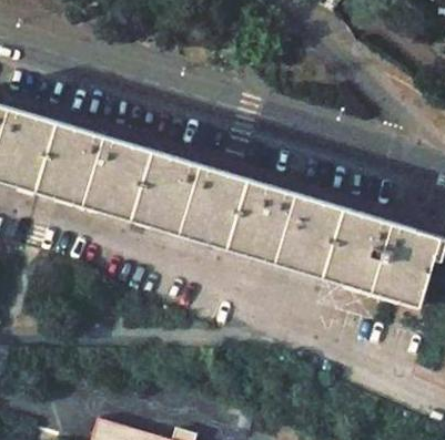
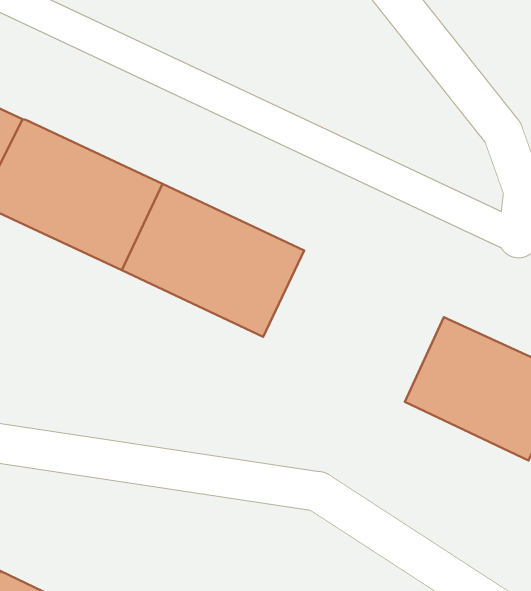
building: [242,186,355,273] -> none

